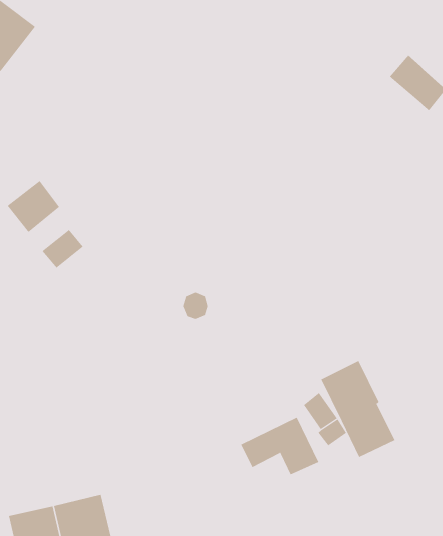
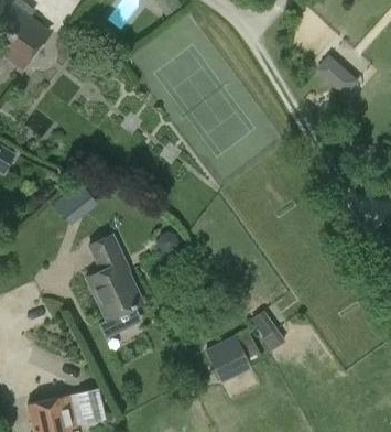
building: [7,180,60,233] -> none
building: none -> [88,233,144,330]
building: [320,360,395,458] -> none

